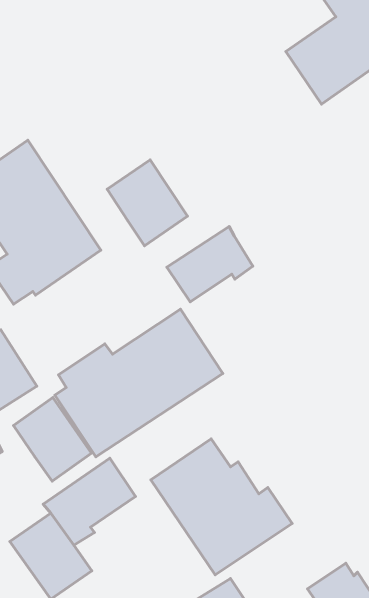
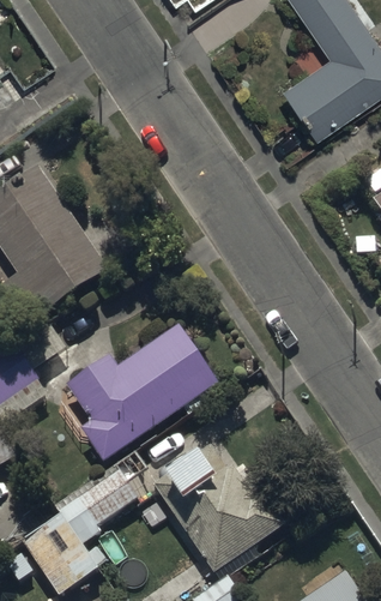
building: [107,160,188,246] -> none
building: [167,226,253,302] -> none
building: [14,397,91,481] -> none

